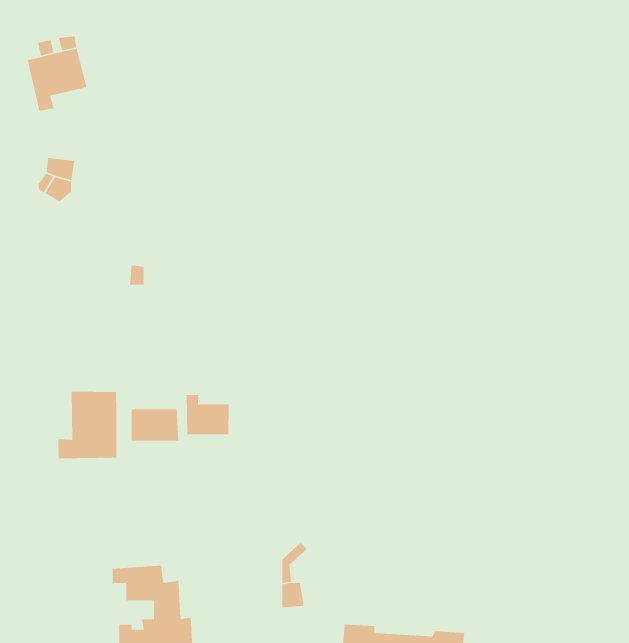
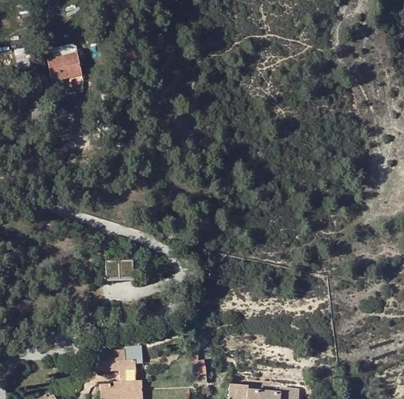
building: [57,391,117,459] -> none
building: [186,394,230,435] -> none

